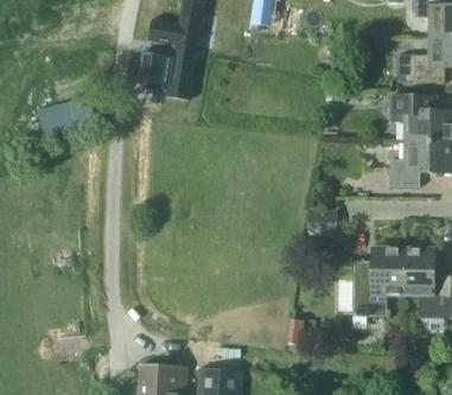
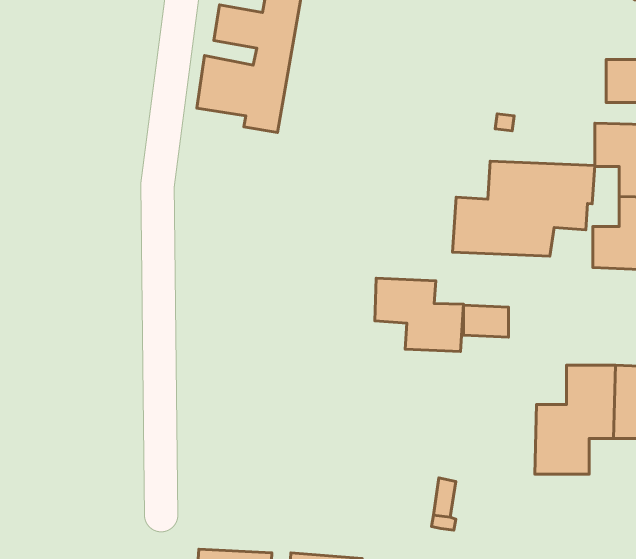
building: [42,97,97,134] -> none
building: none -> [453,161,595,256]
building: none -> [375,278,463,351]

